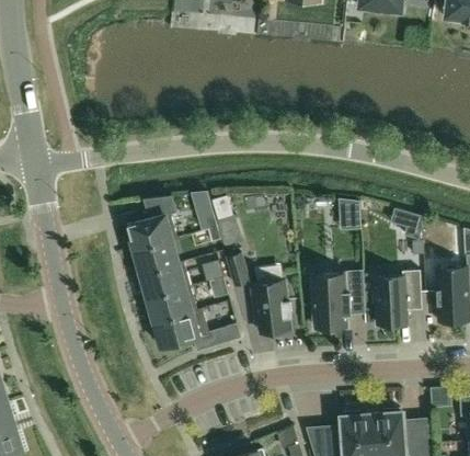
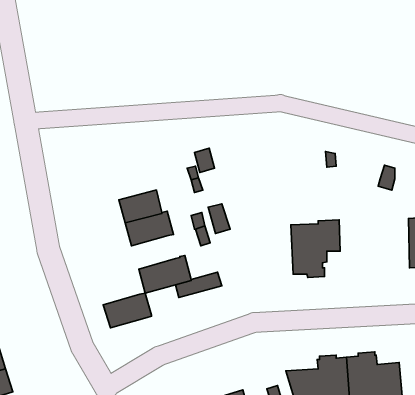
building: [127,196,177,250] -> none
building: [375,271,422,324] -> none
building: [252,282,291,333] -> none
building: [147,286,197,322] -> [103,293,151,328]

